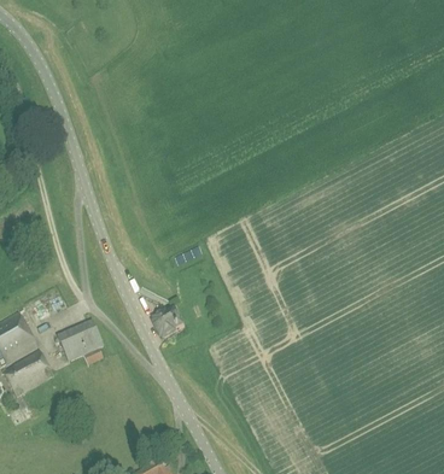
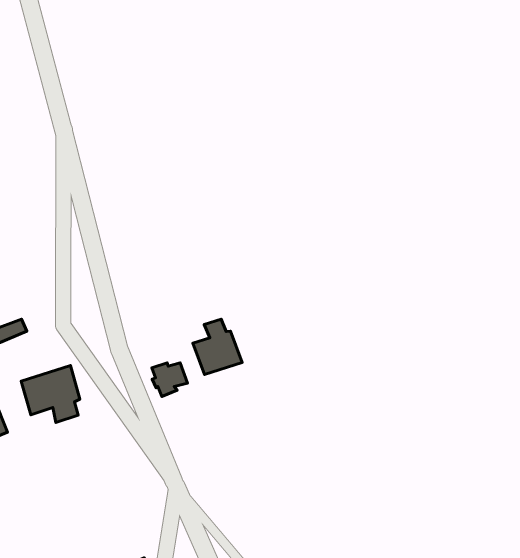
building: none -> [193,319,242,374]

